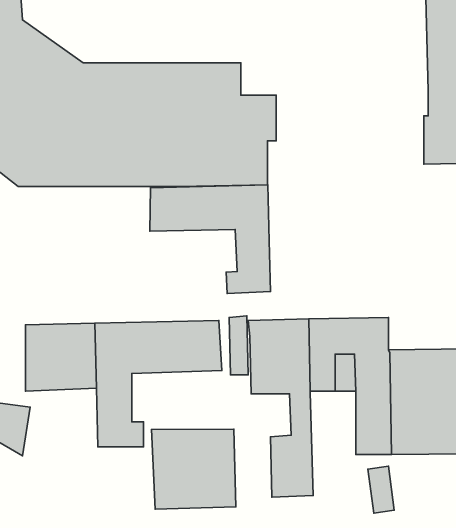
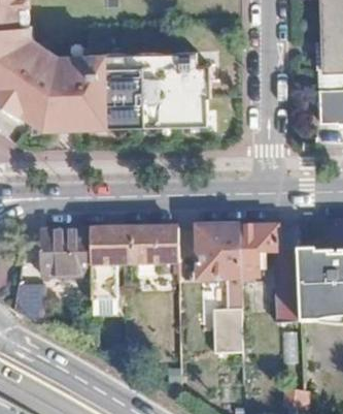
building: [150,185,270,294] -> none
building: [152,429,236,509] -> none

